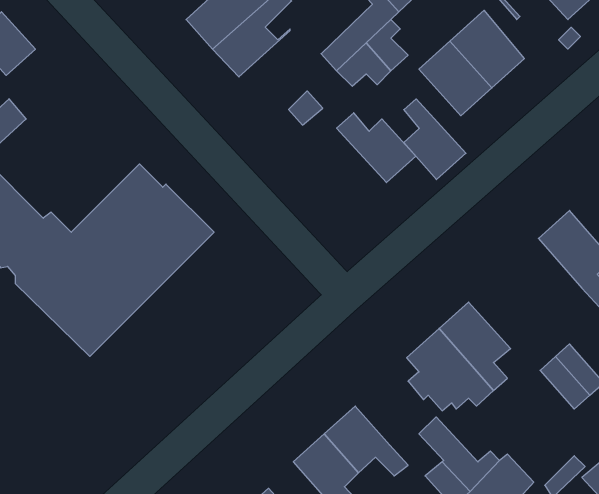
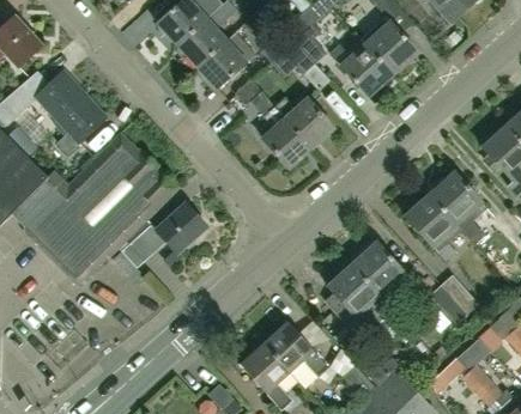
building: none -> [198,31,258,90]
building: none -> [36,72,105,153]
building: [404,99,466,180] -> [263,106,311,169]
building: none -> [404,191,462,260]
building: none -> [113,203,207,284]

